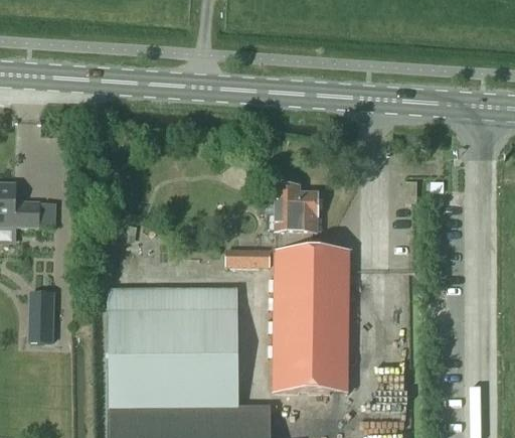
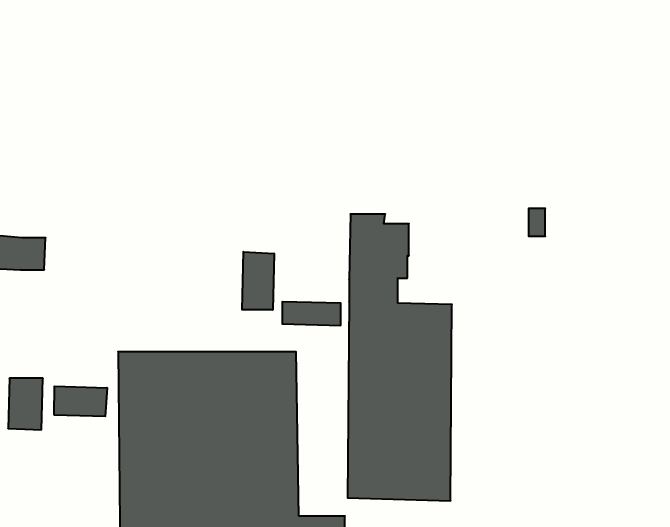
building: none -> [242,252,274,310]
building: none -> [54,386,107,416]

